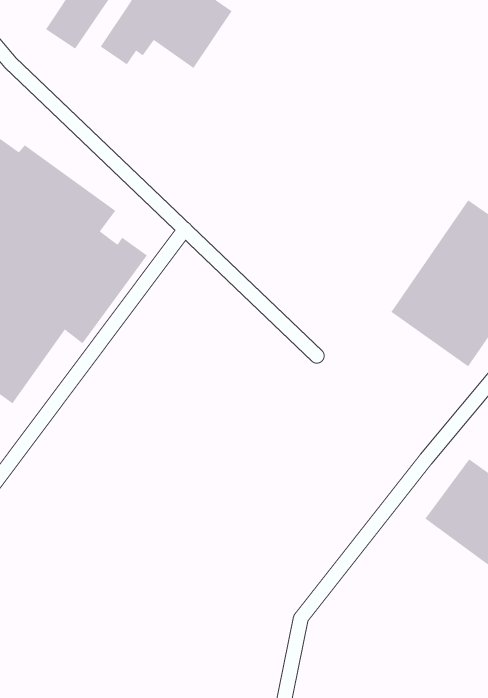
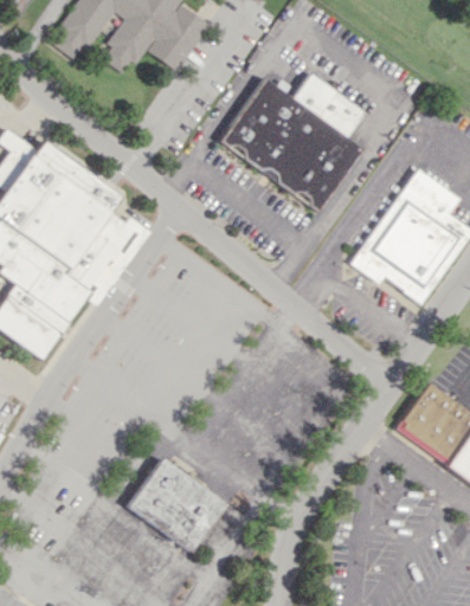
building: none -> [220,75,366,209]
building: none -> [129,458,226,552]

